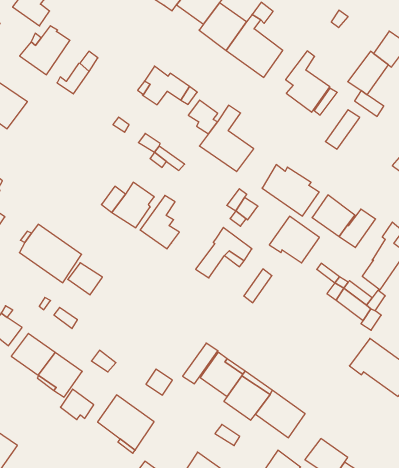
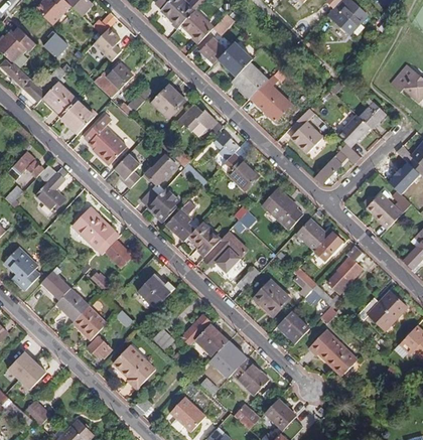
building: none -> [151,85,185,119]
building: none -> [83,115,127,165]
building: none -> [144,155,176,185]
building: none -> [113,153,140,188]
building: [269,216,319,263] -> [252,279,290,315]
building: none -> [187,222,221,255]
building: none -> [137,275,174,308]
building: none -> [277,311,309,343]

